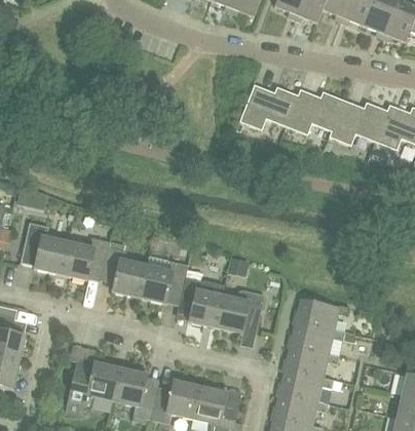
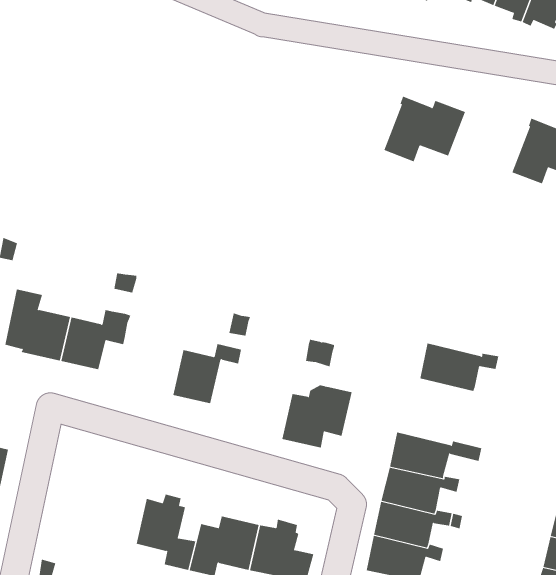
building: [239,84,298,130] -> none
building: [329,100,387,145] -> none
building: [106,246,146,297] -> none
building: [180,262,222,327] -> none
building: [295,298,350,331] -> [419,343,499,392]
building: [66,363,120,414] -> none

